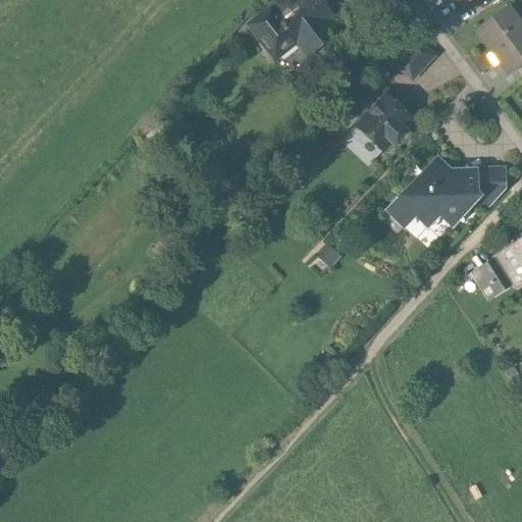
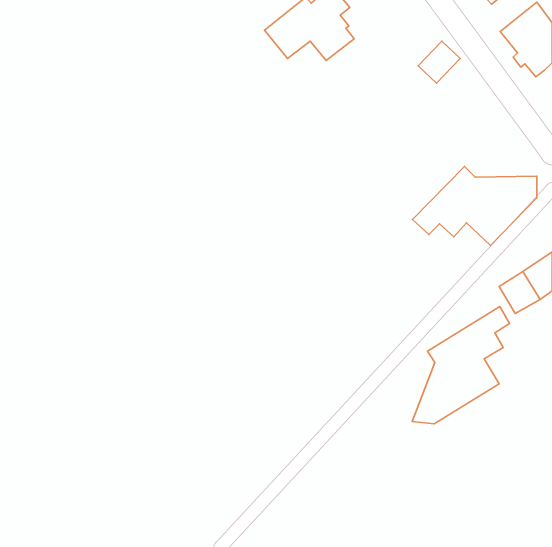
building: [355,92,415,153] -> none
building: none -> [412,306,510,424]

